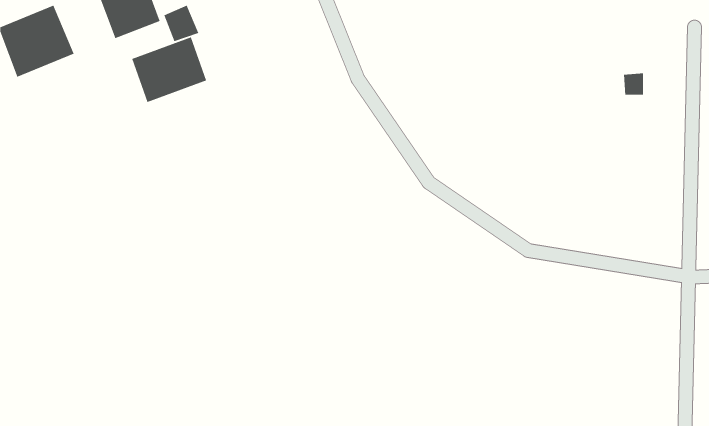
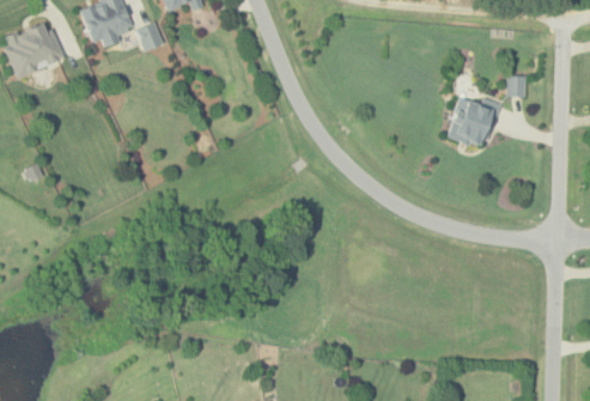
building: [132,36,207,103] -> none
building: none -> [446,96,497,147]

